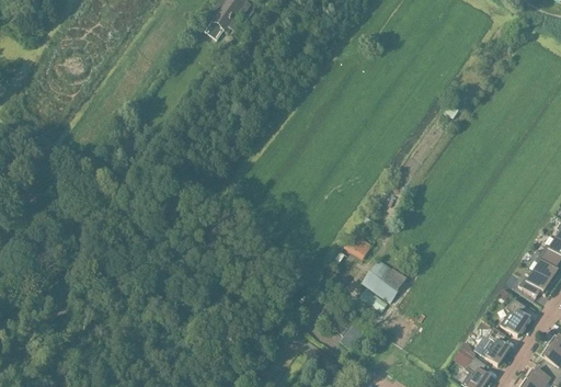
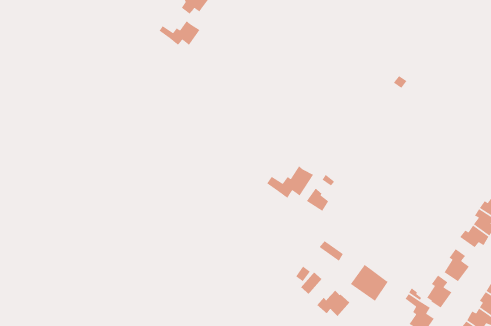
building: none -> [159,20,200,46]
building: none -> [266,165,314,199]
building: [363,258,407,300] -> [350,264,389,302]
building: none -> [316,290,350,317]

